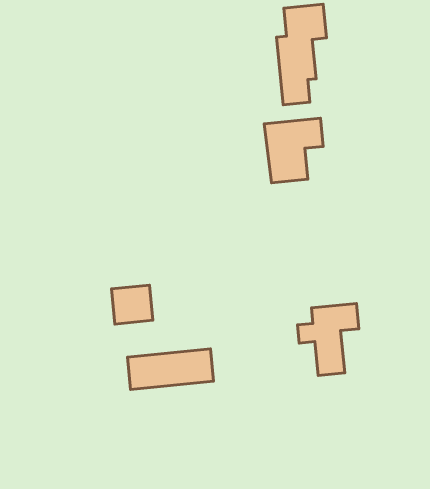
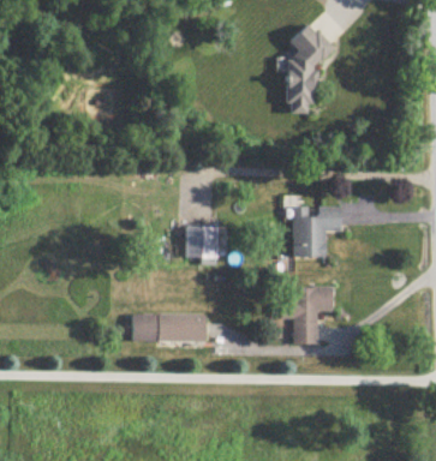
building: [264,118,323,183] -> [293,205,341,256]
building: [112,285,153,324] -> [186,227,219,257]

